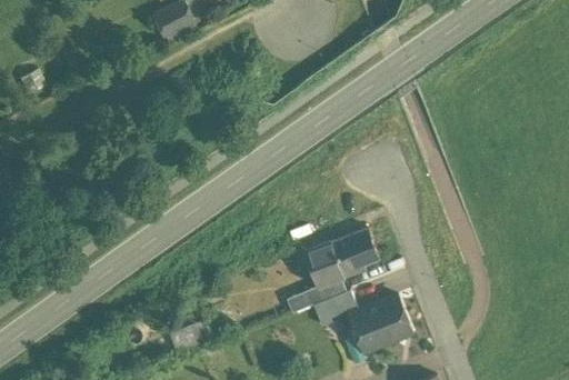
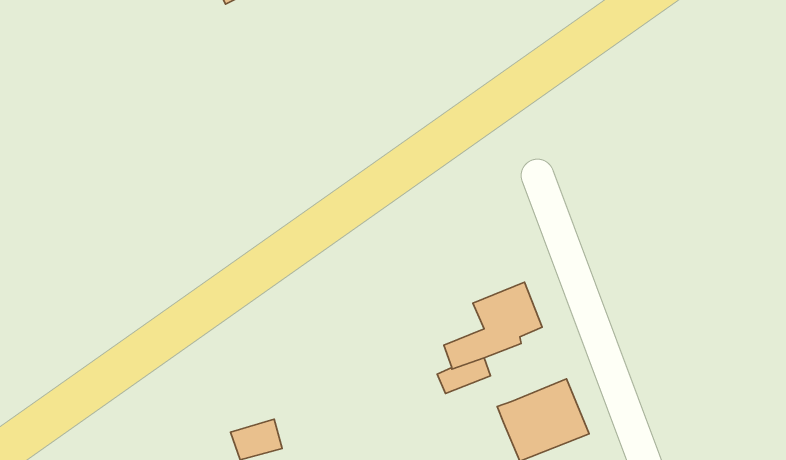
building: [313,291,359,330] -> none

